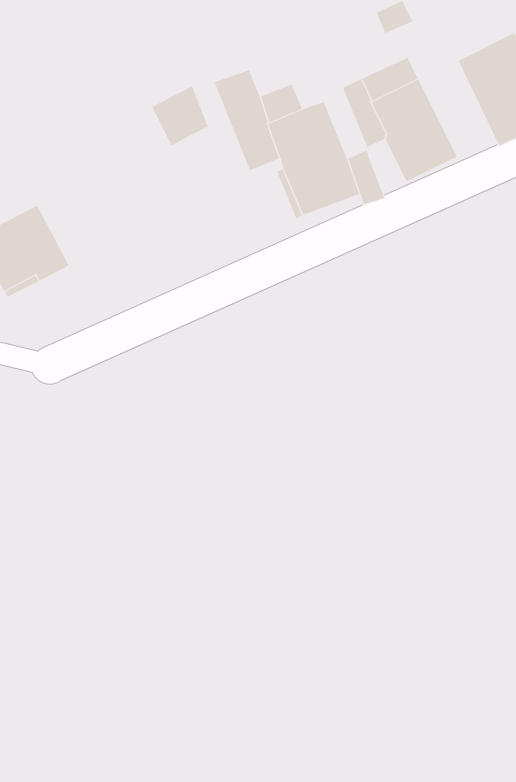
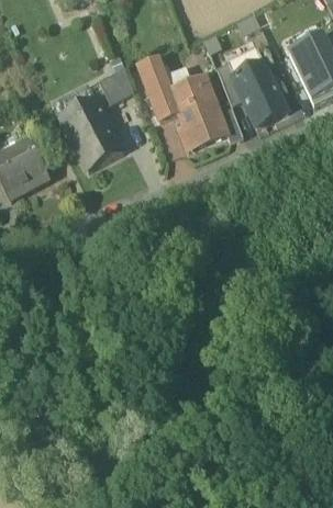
building: none -> [55,86,124,169]

